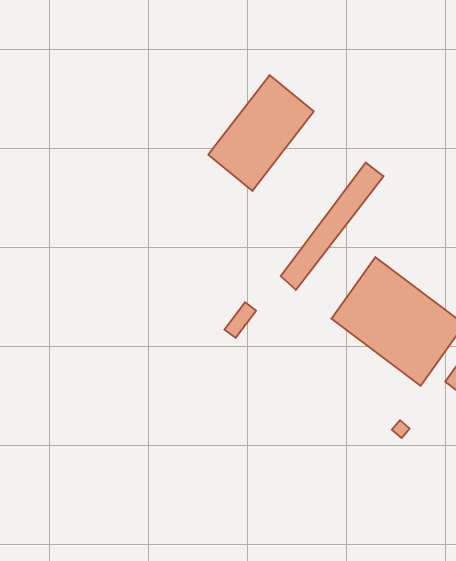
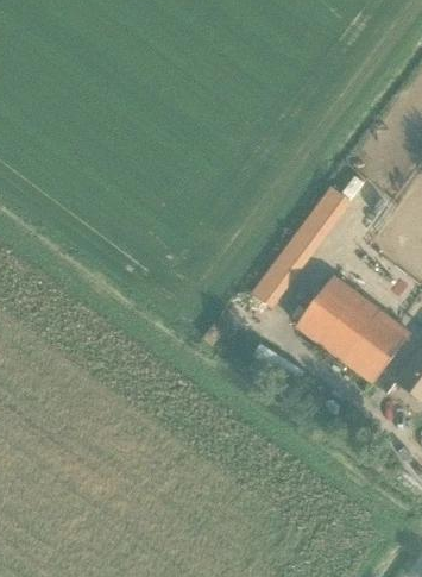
building: [208,75,314,191] -> none

